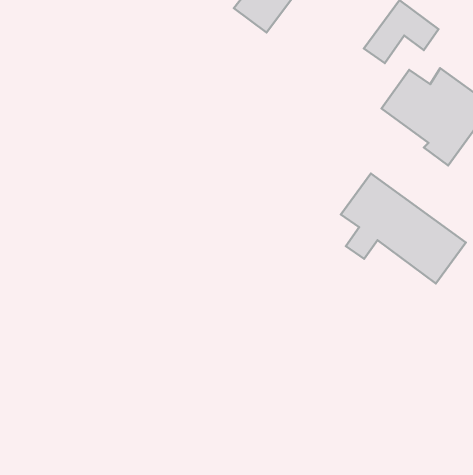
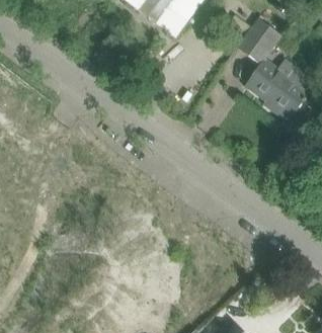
building: [341,173,466,284] -> none

